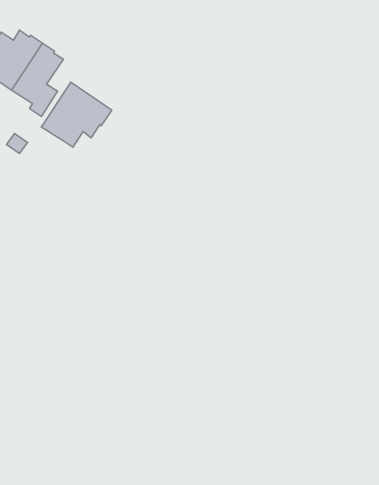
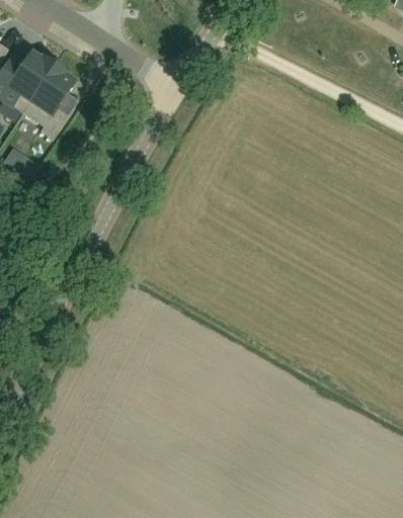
building: [41,82,112,147] -> none

